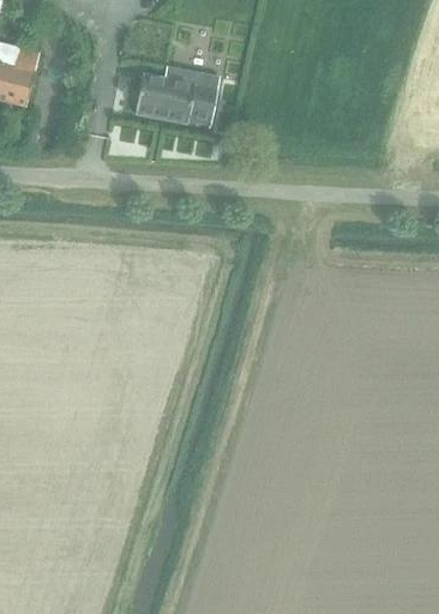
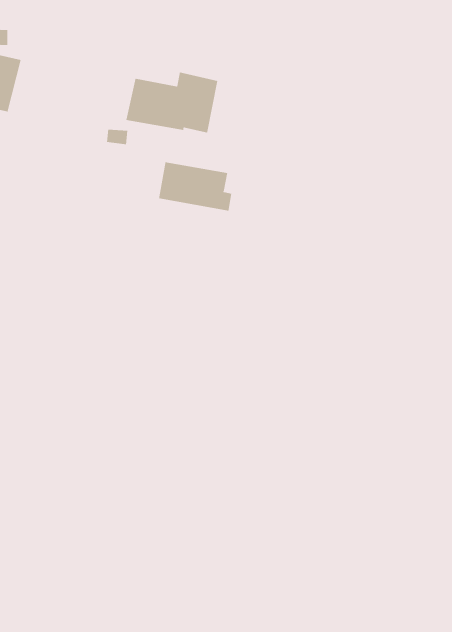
building: none -> [158,162,232,211]

